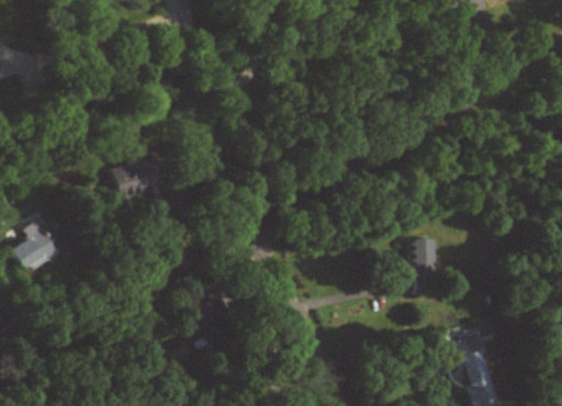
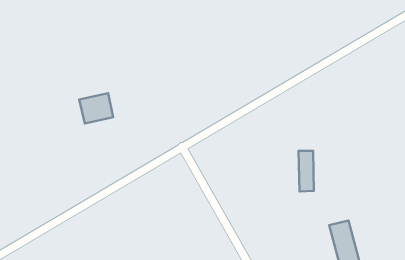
building: [11,218,55,270] -> none

